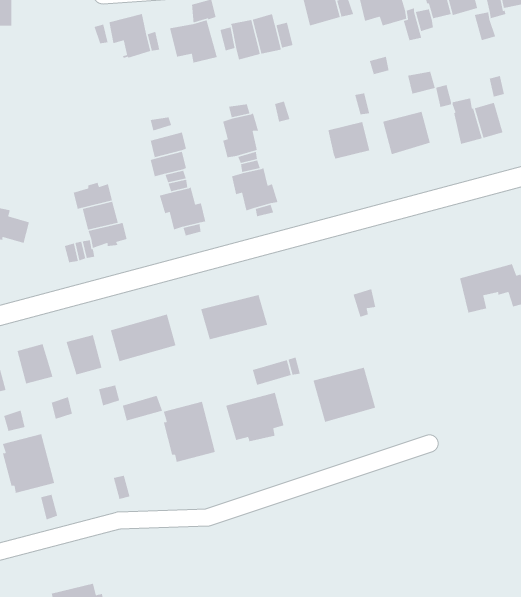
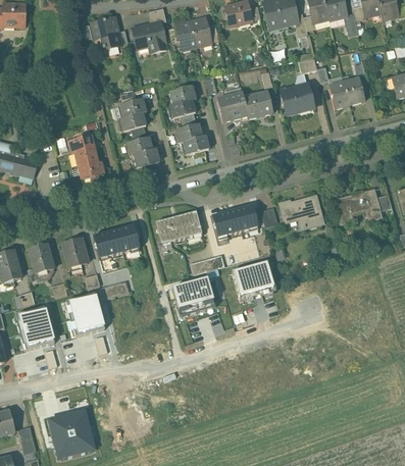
building: none -> [217,93,247,121]
building: none -> [280,196,323,228]
building: none -> [211,204,258,237]
building: [163,401,216,463] -> [67,293,104,335]

